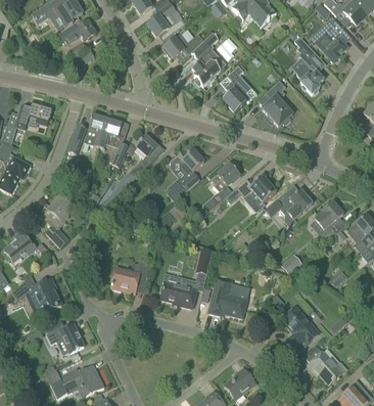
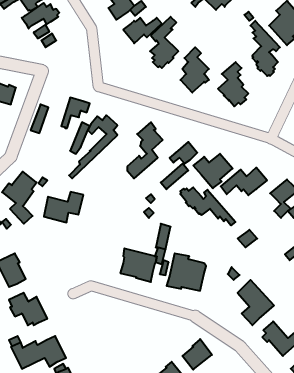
building: [84,111,107,146] -> none
building: none -> [180,187,235,225]
building: [110,262,151,294] -> [44,192,83,222]

